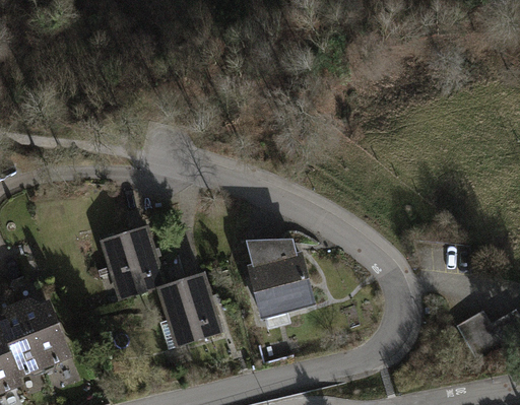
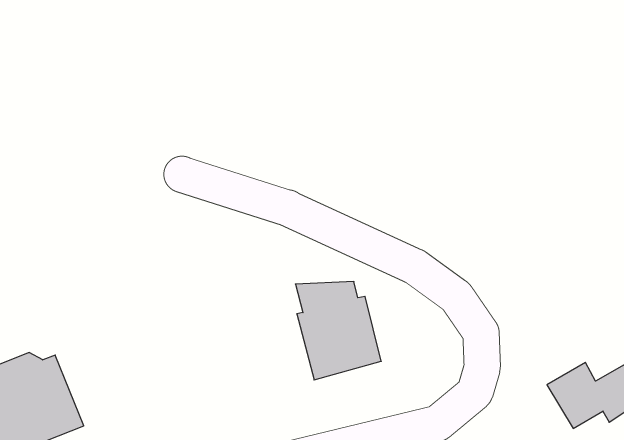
building: [99,222,223,344] -> none

